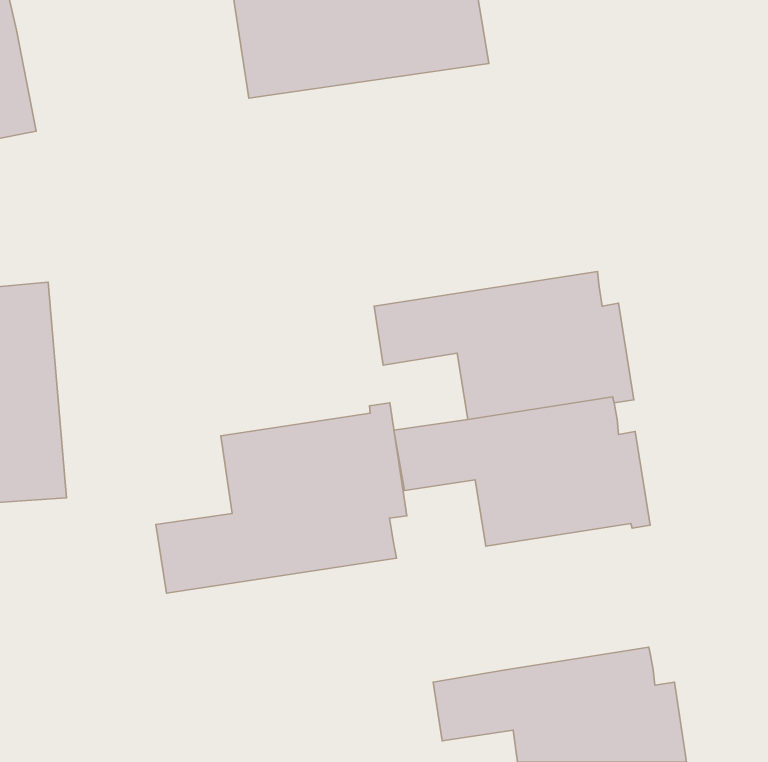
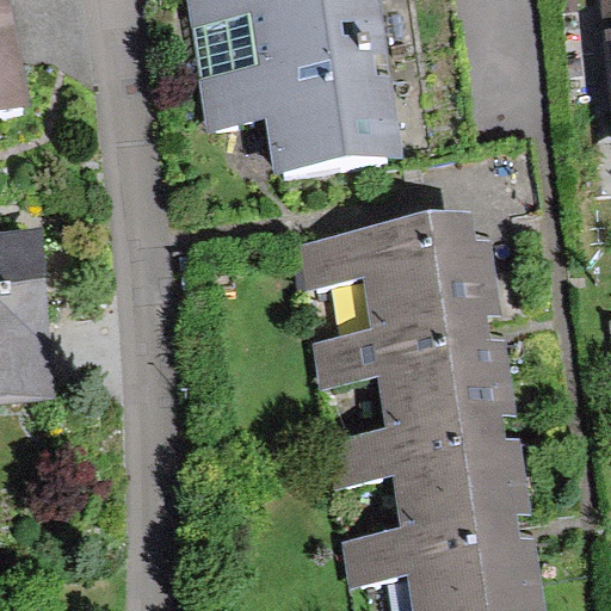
building: none -> [197,50,402,178]
building: [156,403,407,593] -> none
building: none -> [327,414,530,530]

